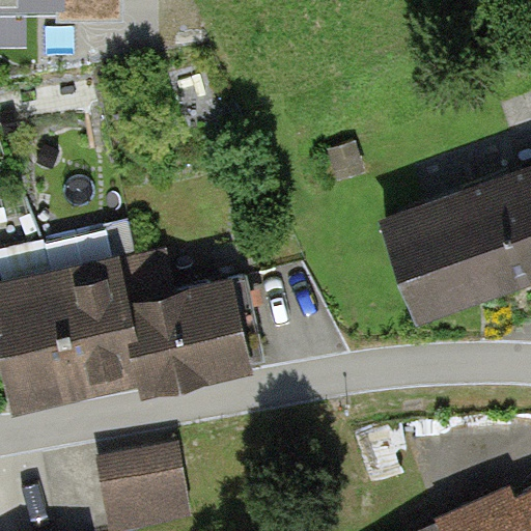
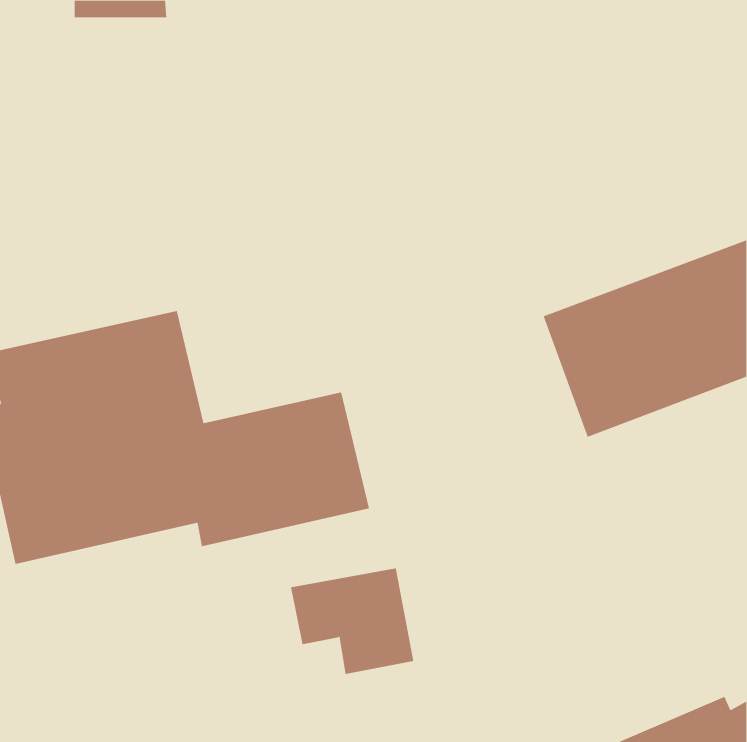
building: [97,450,185,525] -> [290,568,414,674]

